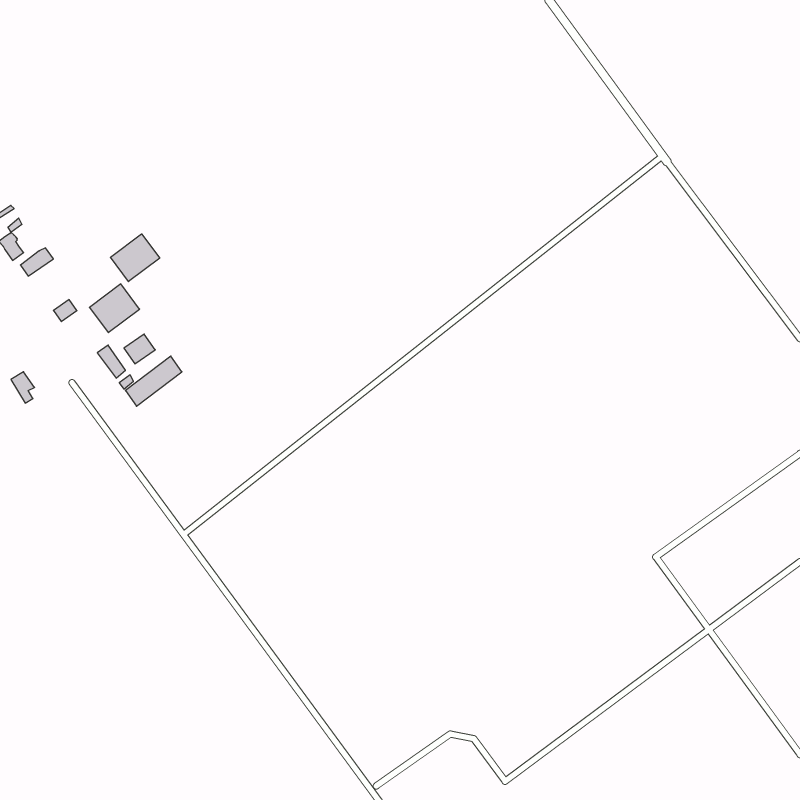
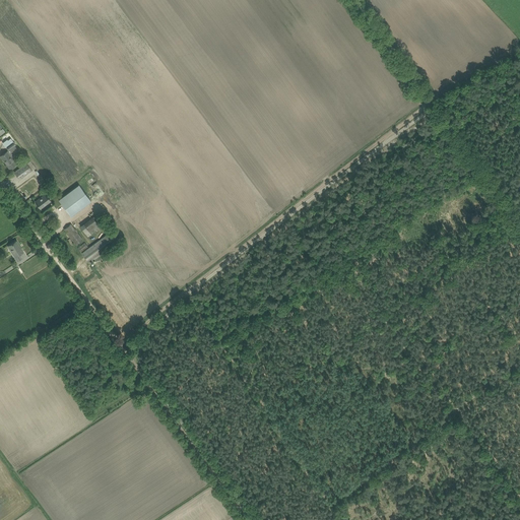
building: [110,234,160,282] -> none

